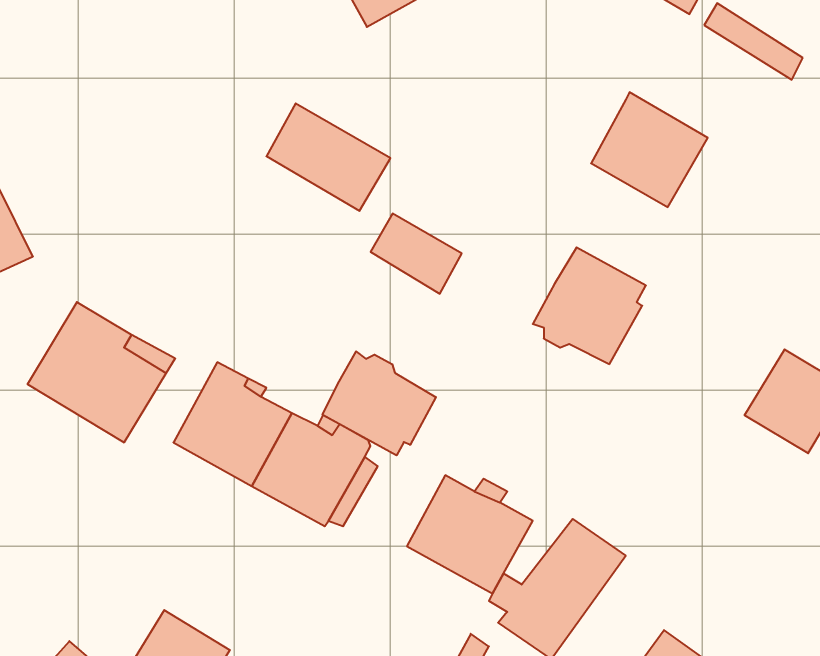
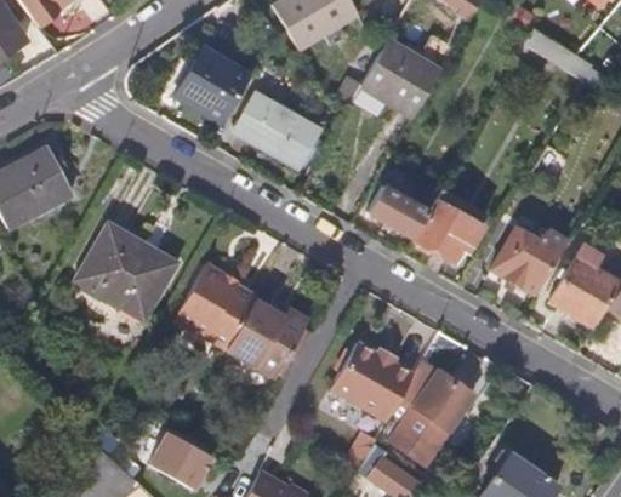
building: none -> [173,46,247,120]
building: [591,92,708,207] -> [361,41,439,118]
building: [371,214,462,294] -> [368,187,428,240]
building: none -> [494,227,570,295]
building: [323,351,436,455] -> none

